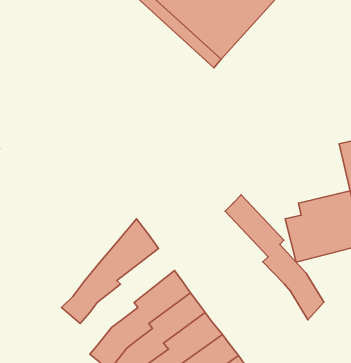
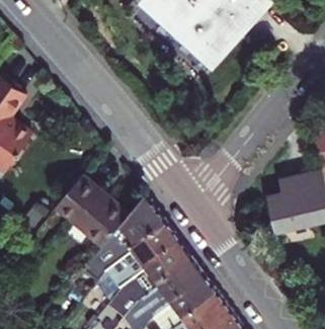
building: [225,195,324,320] -> none
building: none -> [55,177,128,246]
building: none -> [98,220,176,300]

